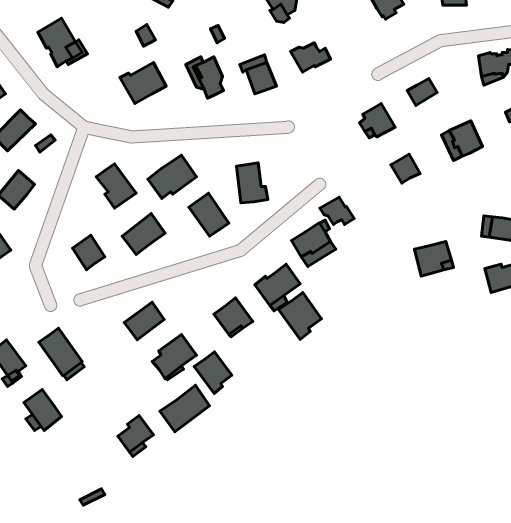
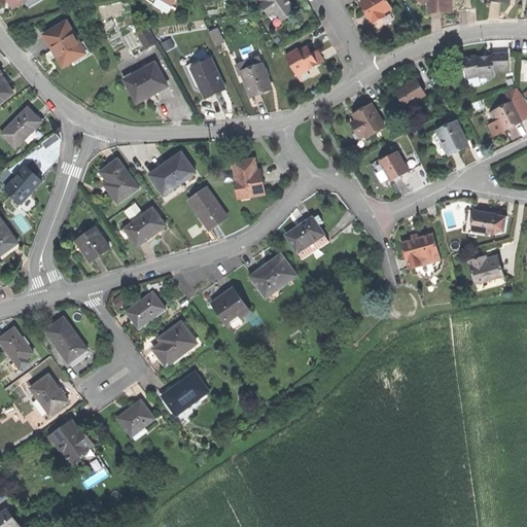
building: [320,197,354,225] -> none
building: [278,292,322,340] -> none
building: [194,352,232,393] -> none
building: none -> [49,420,94,459]

